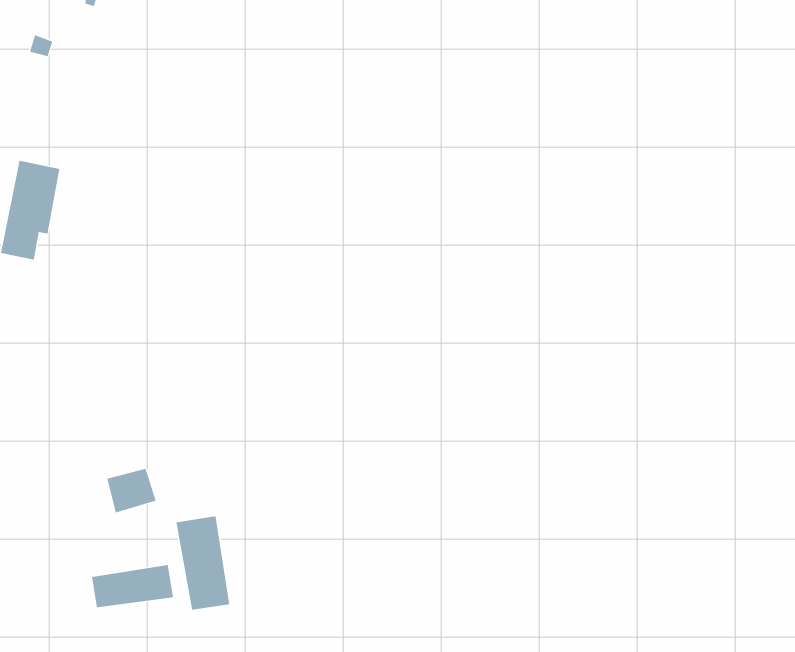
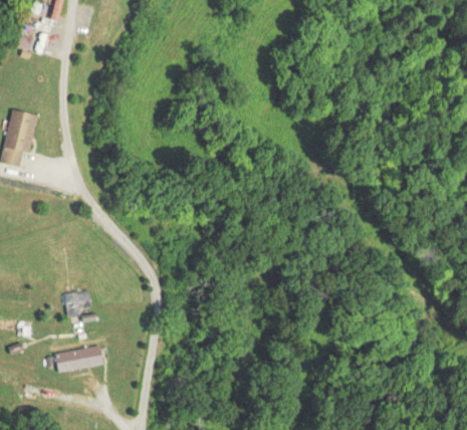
building: [176,516,230,610] -> none

